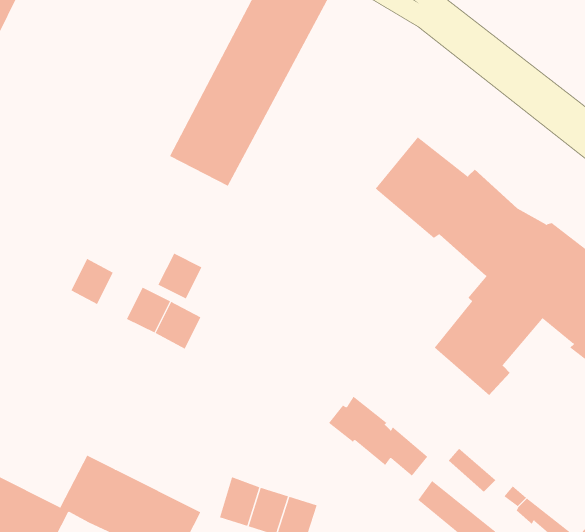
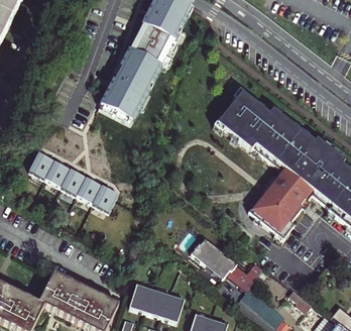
building: none -> [28,153,53,180]
building: [158,253,202,299] -> [60,170,85,196]

